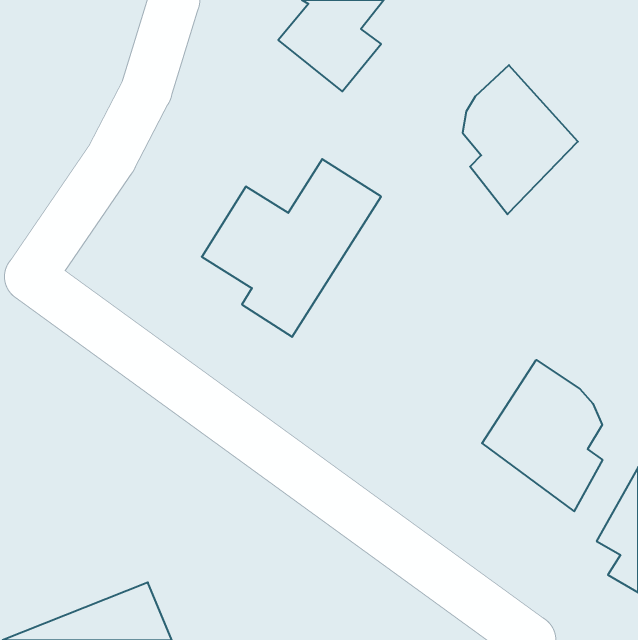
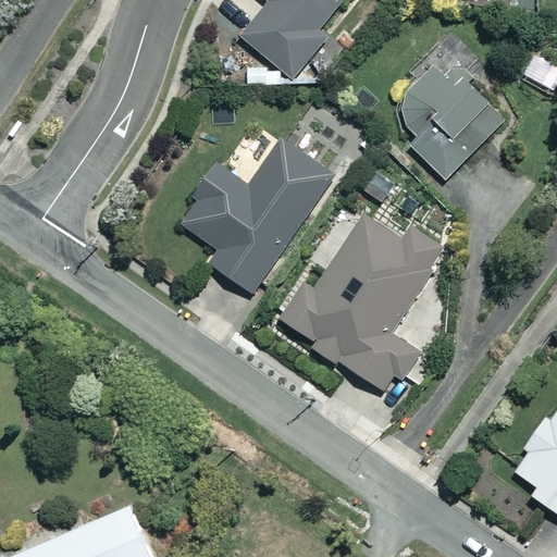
building: none -> [280,211,447,391]
building: [482,360,602,511] -> none

